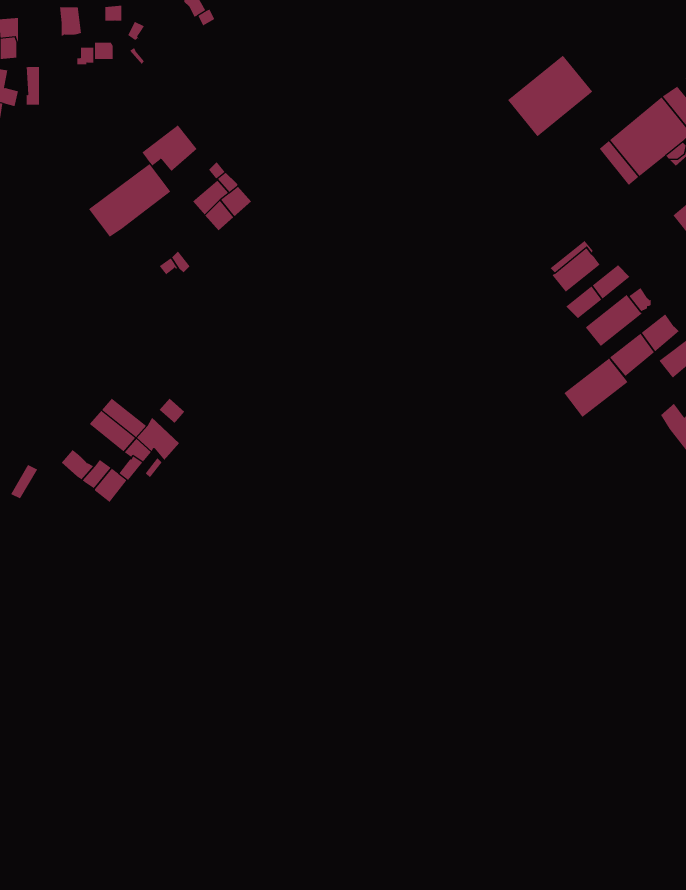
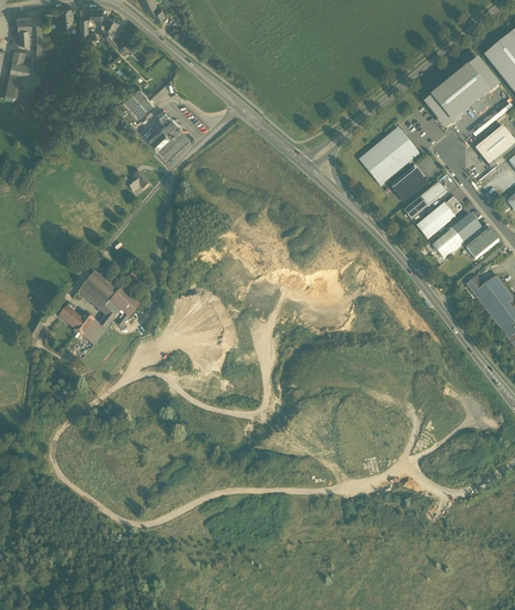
building: [507,55,593,137] -> [359,126,417,182]
building: [88,163,171,237] -> none
building: [564,357,628,418] -> none

